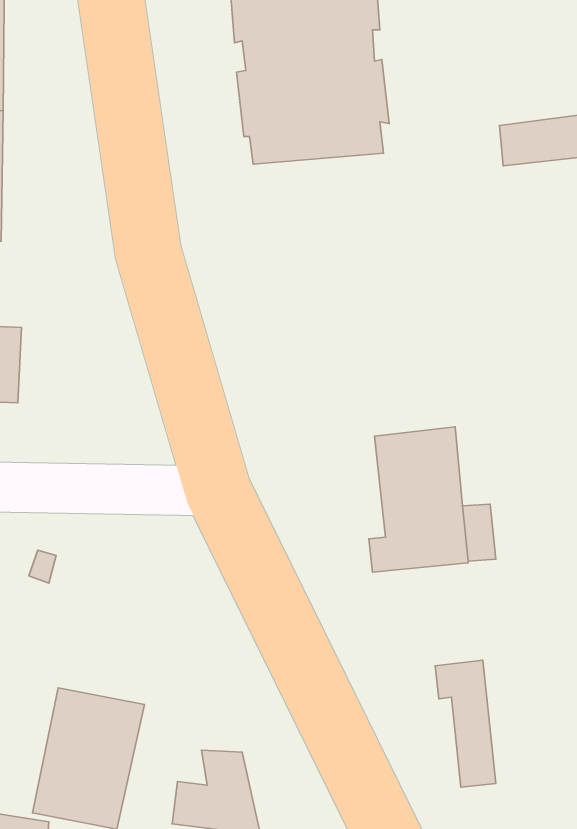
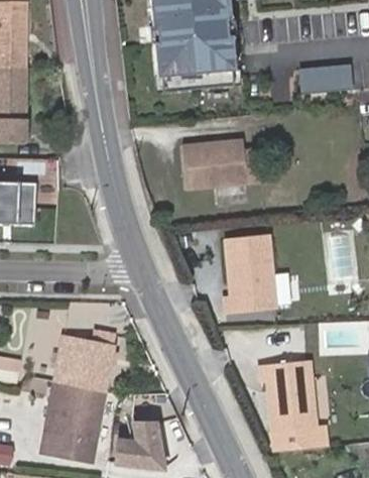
building: none -> [186,143,264,192]
building: none -> [54,330,114,389]
building: none -> [287,363,320,433]

